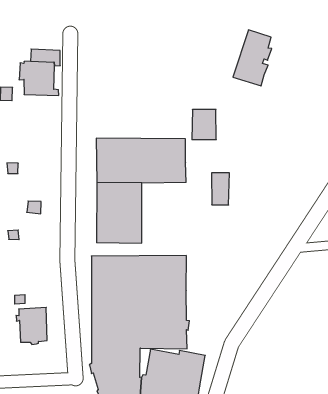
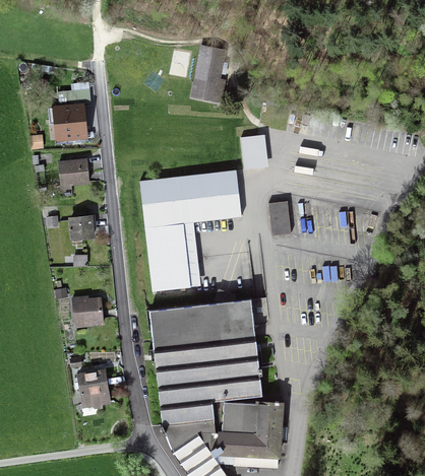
building: [233,30,272,86] -> [189,48,228,107]
building: none -> [52,158,89,194]
building: none -> [67,214,96,241]
building: none -> [70,296,103,328]

